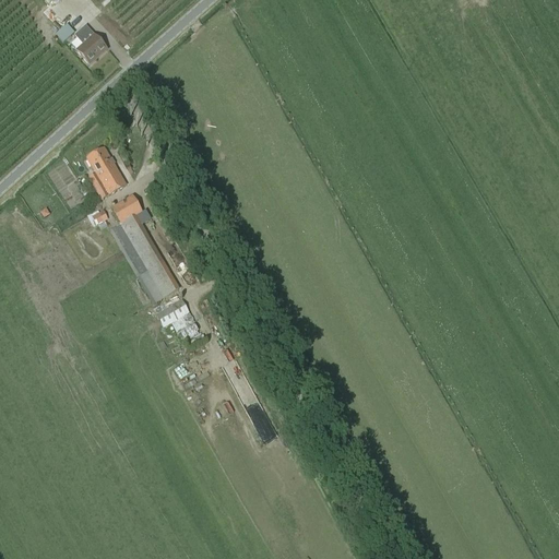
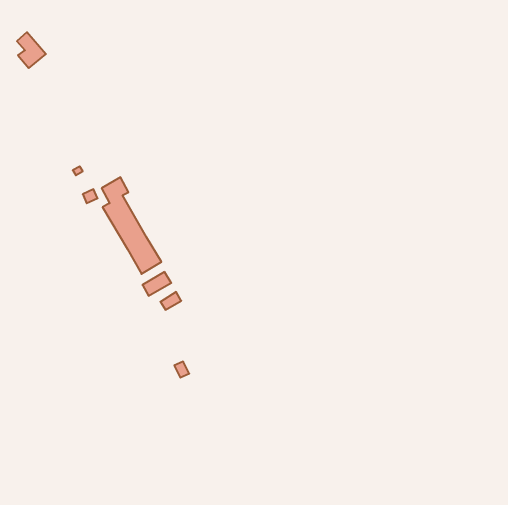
building: [75,23,107,62] -> [17,32,46,68]
building: [87,146,126,198] -> none

